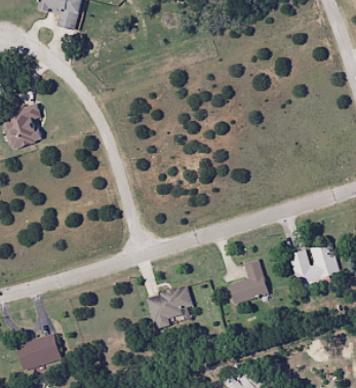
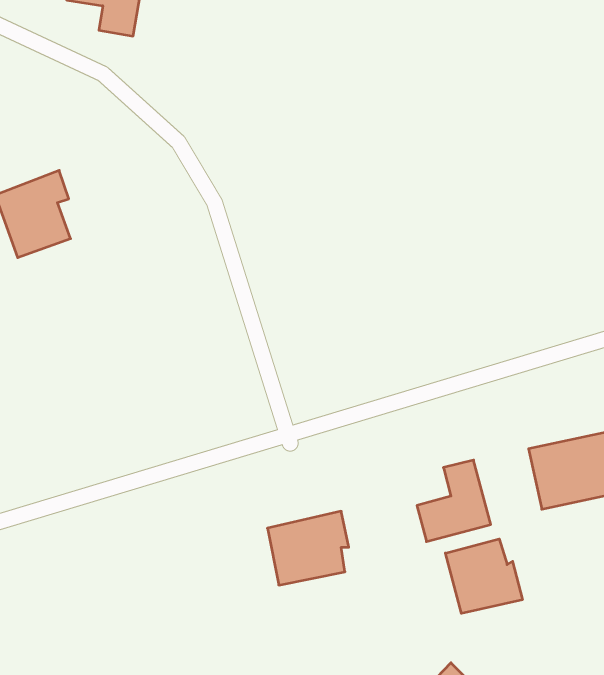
building: none -> [445,539,522,613]
building: [15,333,62,371] -> none

